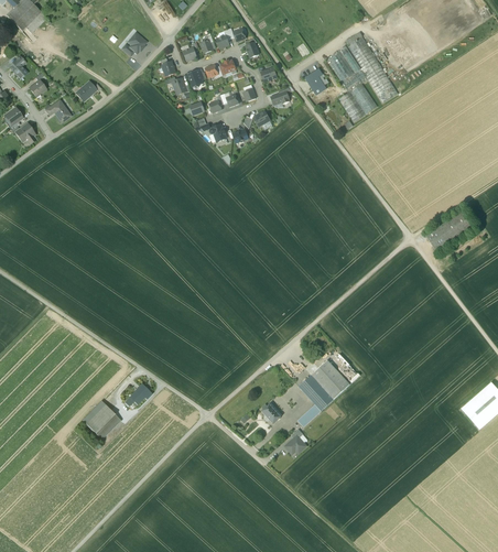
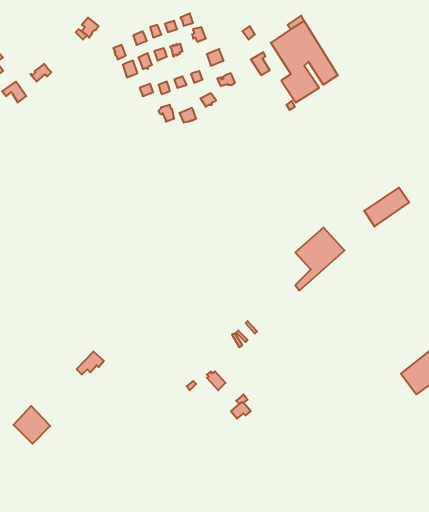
building: [297,359,349,425] -> [295,227,345,290]
building: [82,399,120,439] -> [13,406,50,444]

